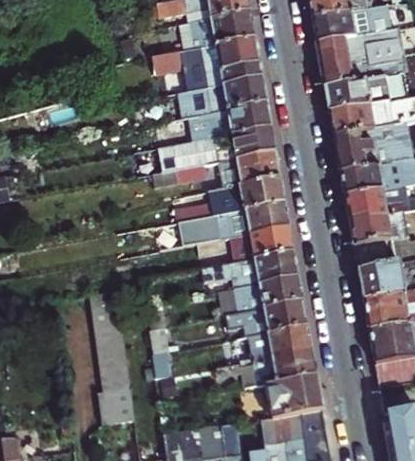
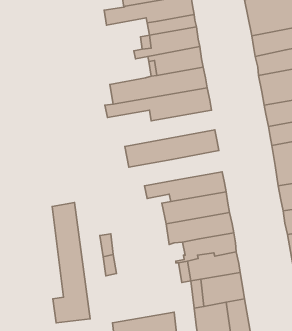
building: [174,178,285,222] -> none
building: [233,227,294,263] -> none

